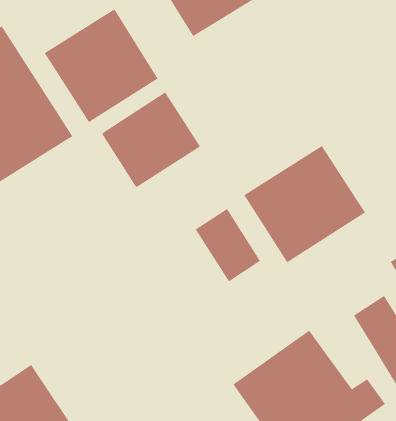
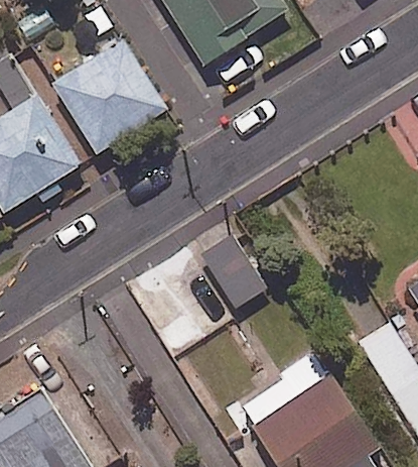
building: [101,92,201,188] -> none
building: [244,145,366,263] -> none

